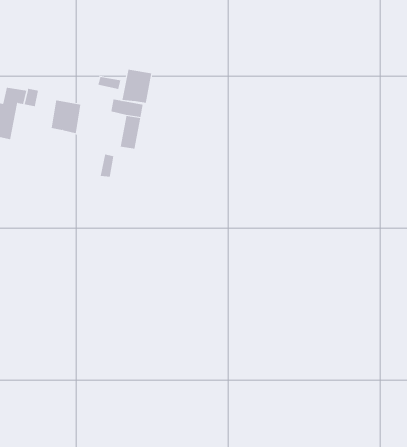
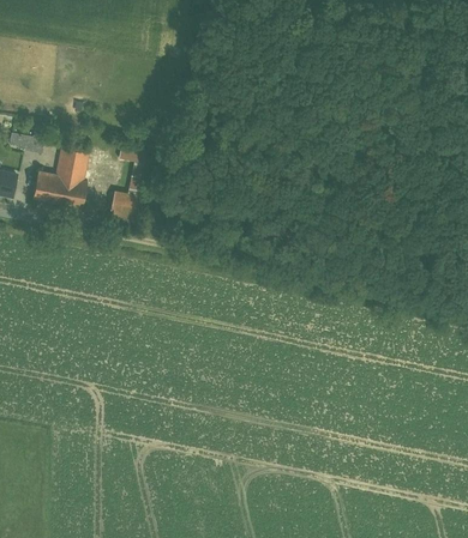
building: [122,69,152,103] -> none
building: none -> [31,174,85,210]

